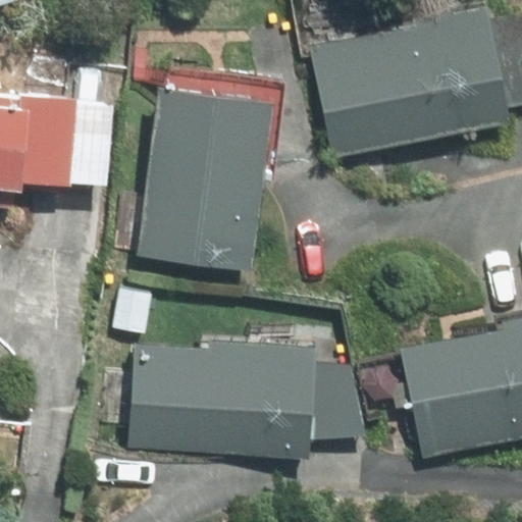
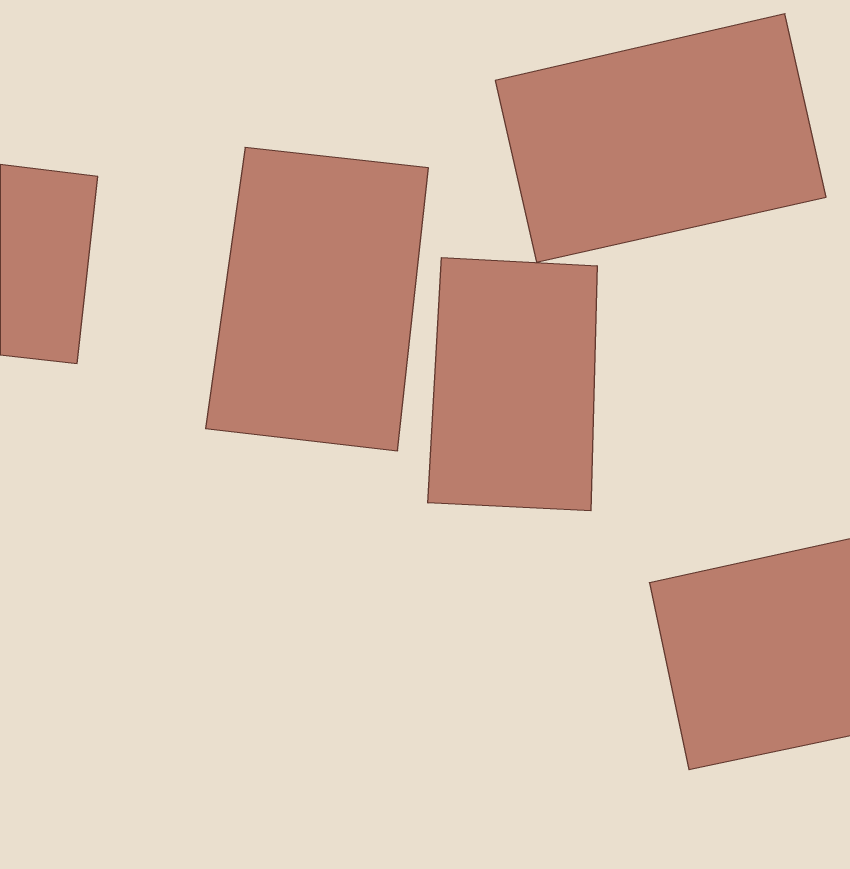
building: none -> [428,258,597,511]
building: [137,342,311,452] -> none

